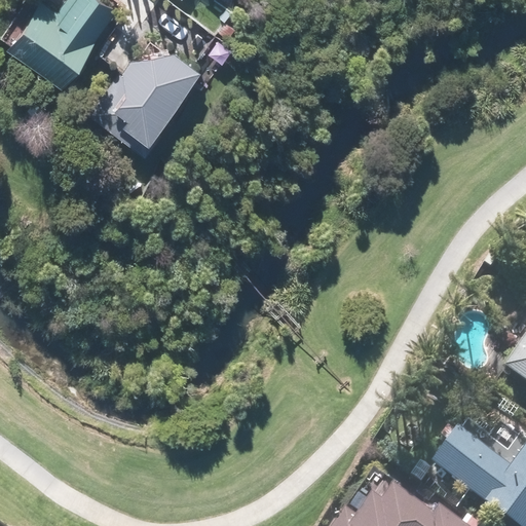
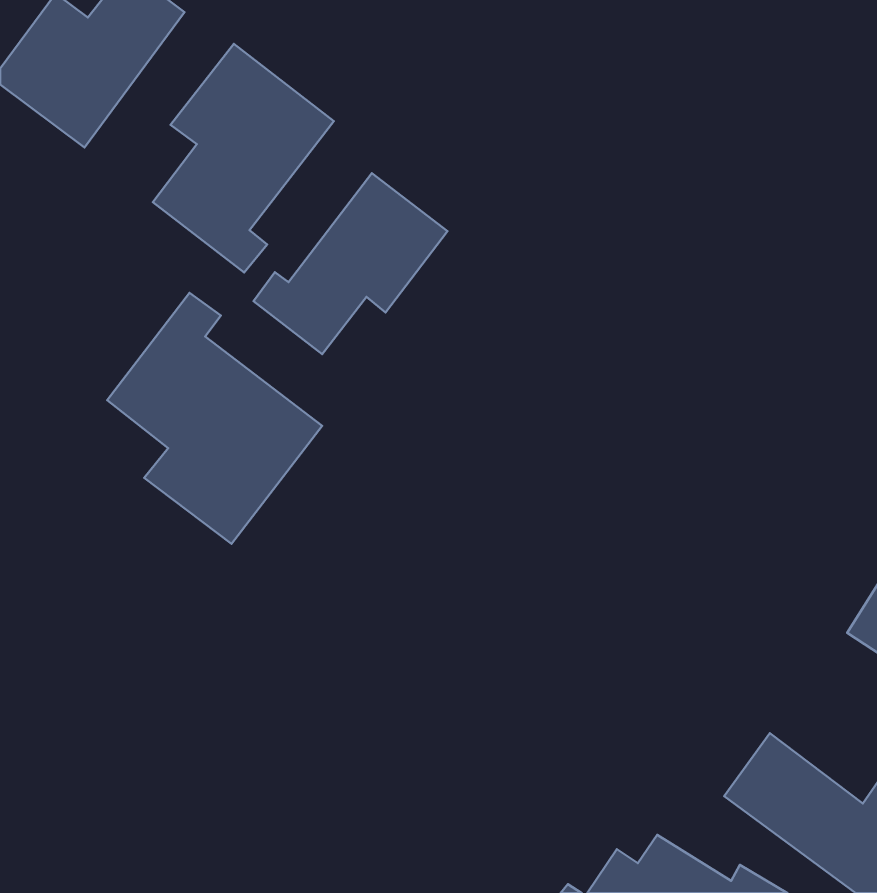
building: none -> [253,173,447,354]
building: none -> [107,293,322,544]

